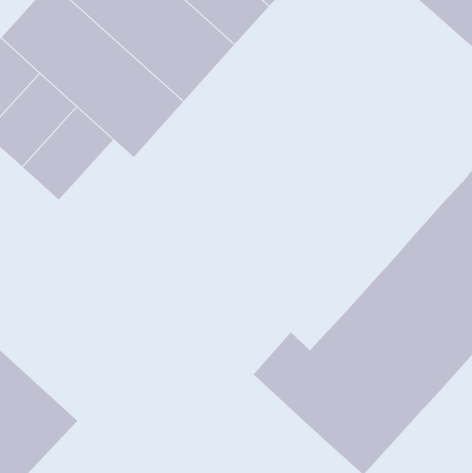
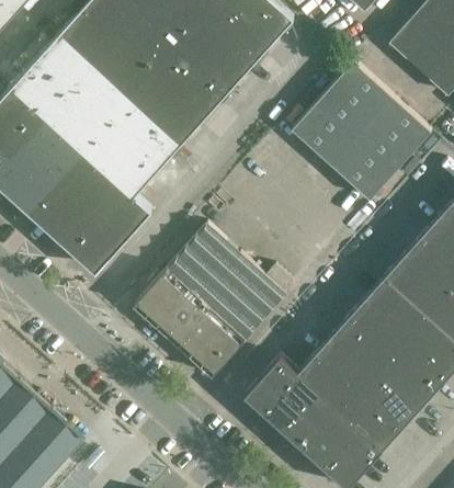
building: none -> [291,63,431,202]
building: none -> [66,180,151,269]
building: none -> [133,225,294,378]

